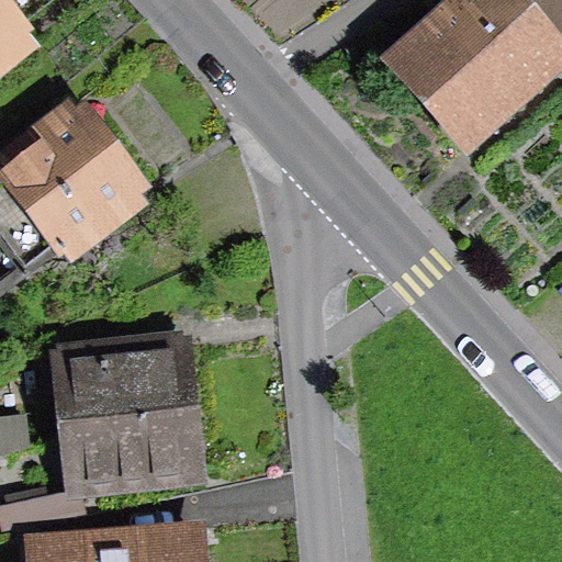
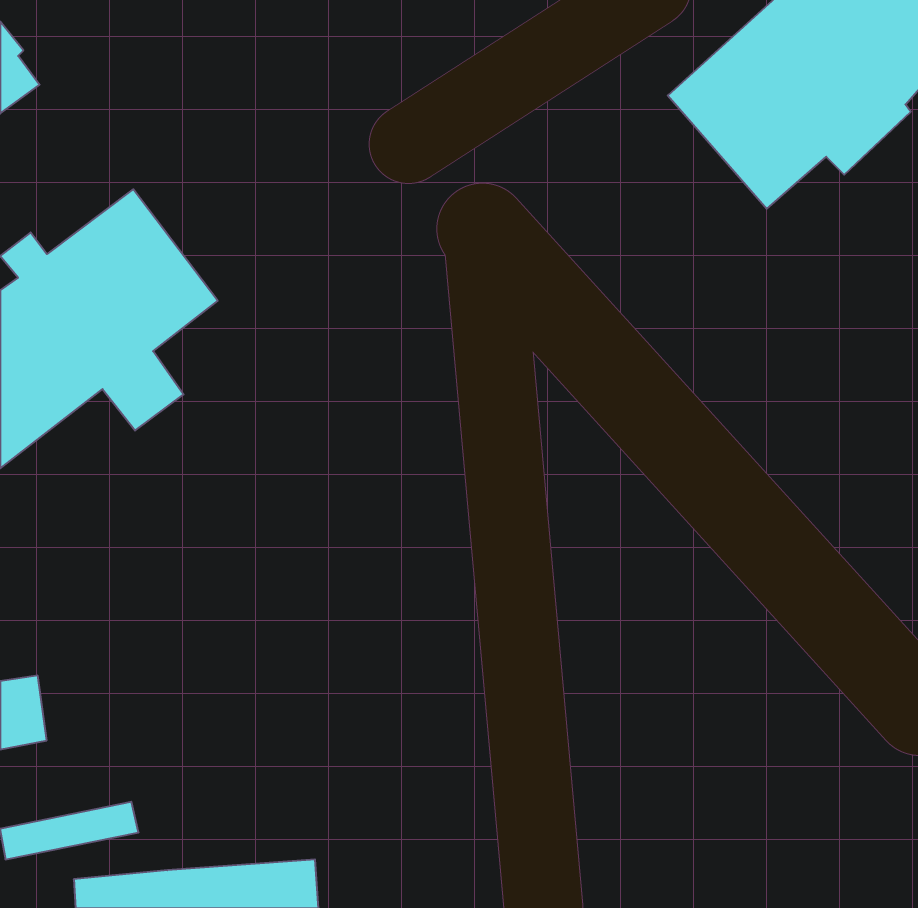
building: [69,349,189,479] -> none

